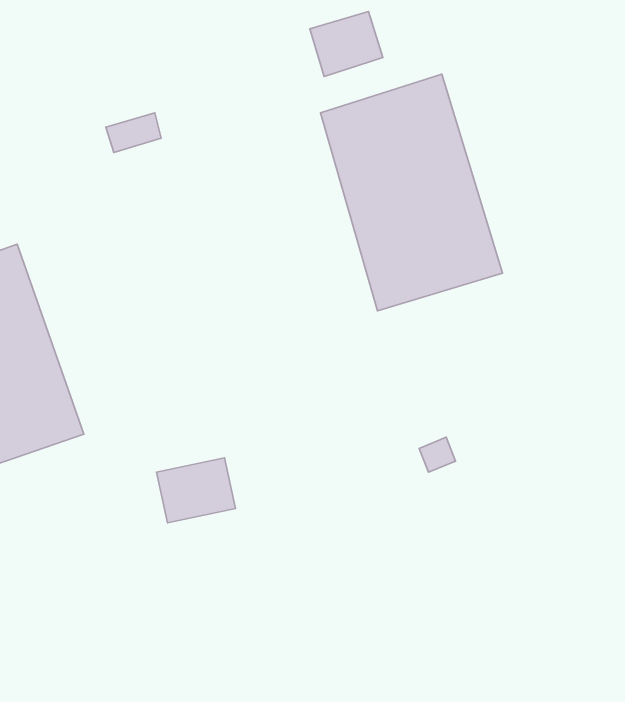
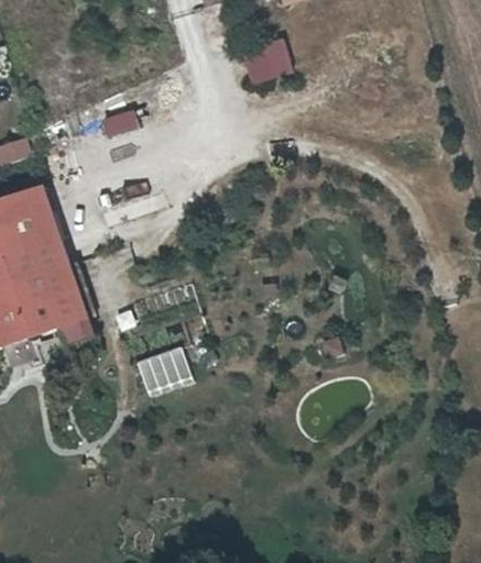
building: [320,74,503,311] -> none

